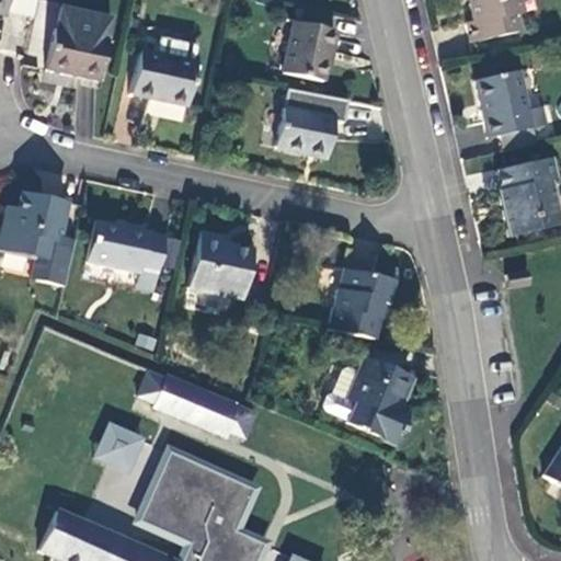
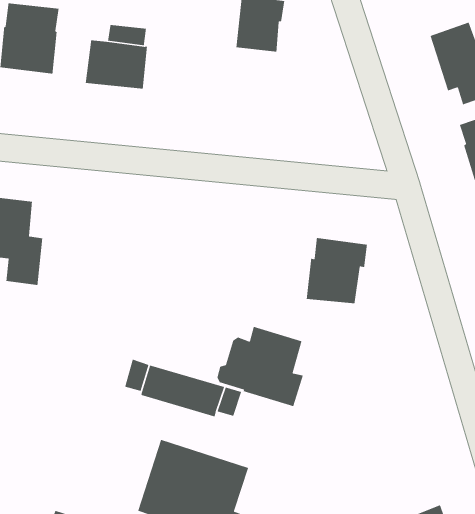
building: [278,88,353,158] -> none
building: [87,219,167,291] -> none
building: [188,230,253,298] -> none
building: [324,357,413,442] -> [216,326,304,407]
building: [95,422,142,470] -> none

